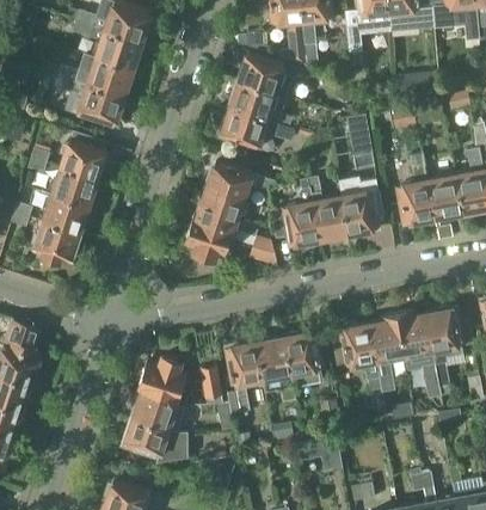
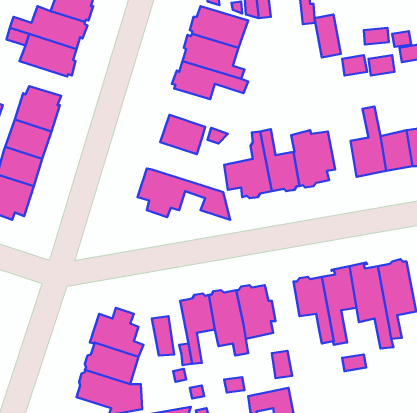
building: [346,113,373,156] -> [315,15,341,57]
building: [199,190,259,235] -> none

